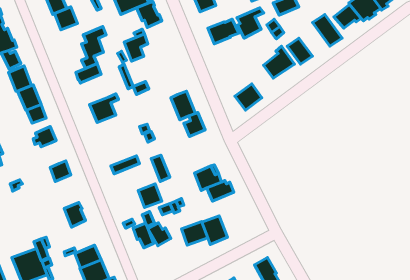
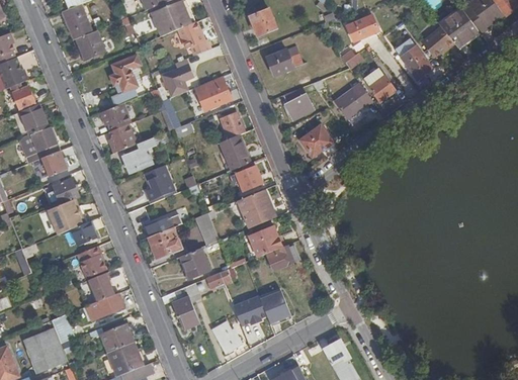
building: [237,8,264,38] -> [282,83,316,120]
building: none -> [203,76,230,106]
building: none -> [220,112,244,138]
building: none -> [109,113,143,153]
building: none -> [18,134,40,164]
building: none -> [144,165,174,203]
building: none -> [237,189,277,228]
building: none -> [47,198,82,234]
building: none -> [147,227,180,258]
building: none -> [79,246,106,278]
building: none -> [85,293,123,319]
building: [148,223,171,246] -> [212,323,241,352]

